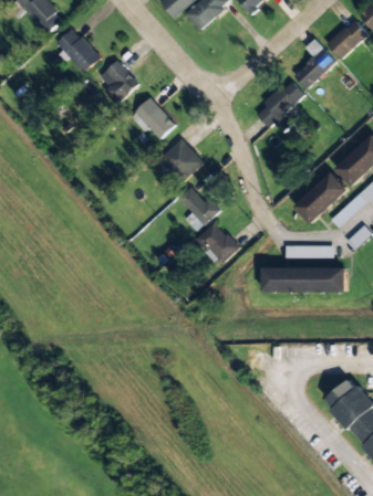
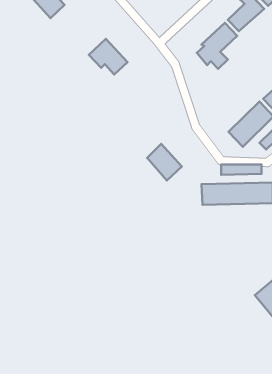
building: [100,60,138,104] -> none
building: [159,138,204,182] -> none
building: [177,186,220,232] -> none

